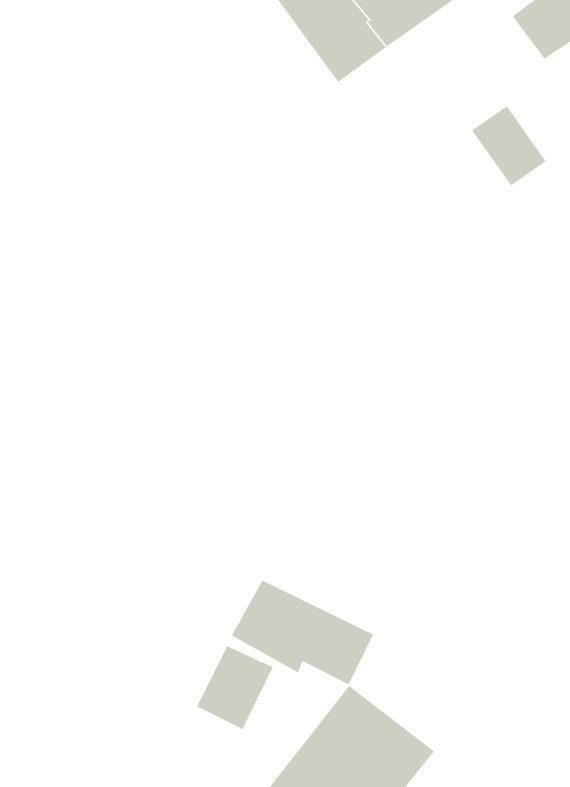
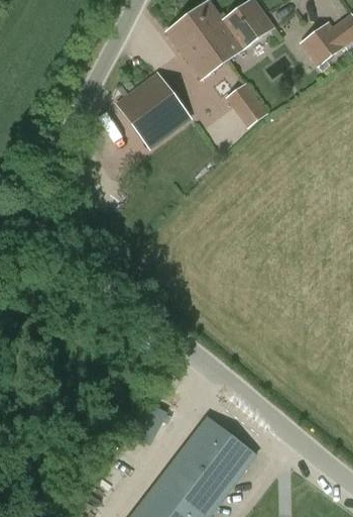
building: none -> [118,73,190,148]
building: [471,106,547,186] -> [225,81,267,126]
building: [231,580,374,685] -> none

